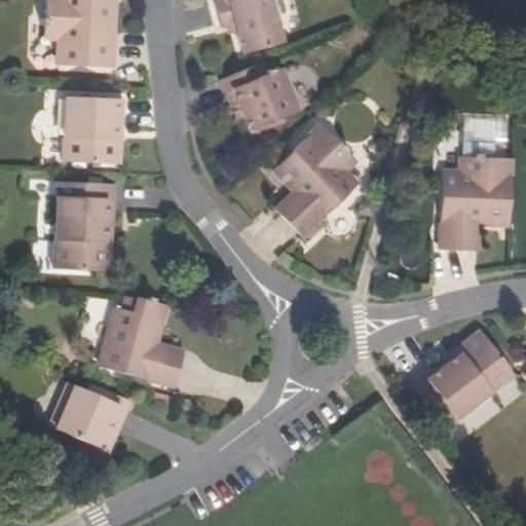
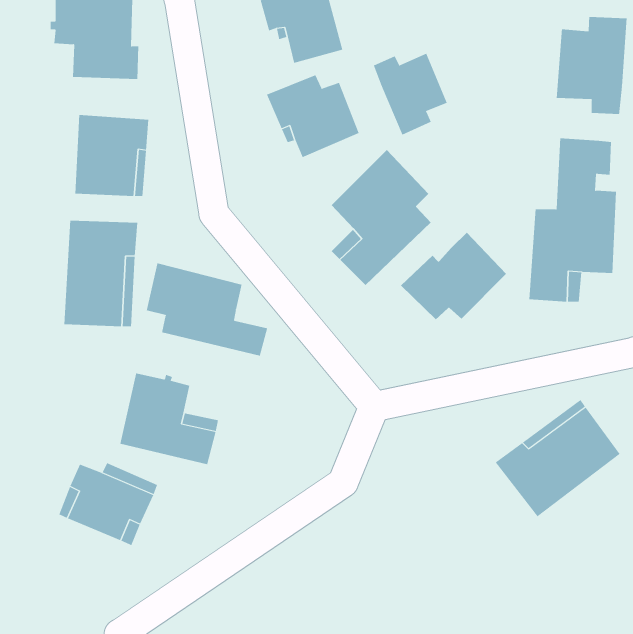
building: none -> [556,16,627,115]
building: none -> [373,53,447,135]
building: none -> [400,232,507,320]
building: none -> [146,262,268,357]

